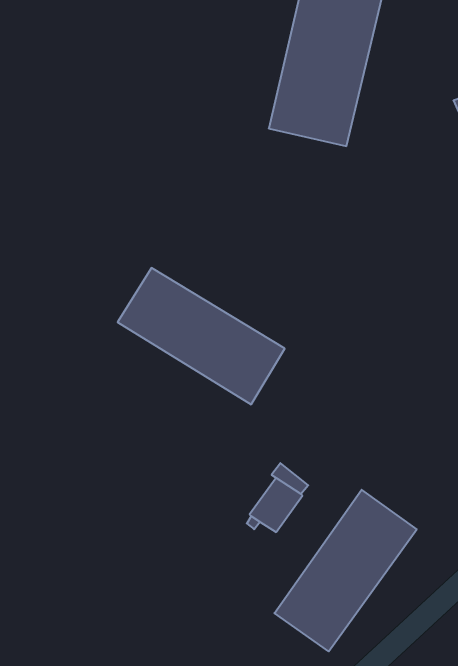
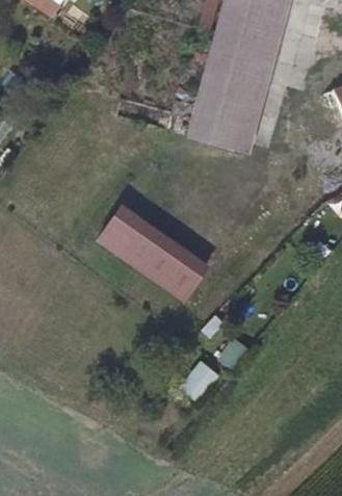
building: none -> [194,108,256,150]
building: [274,490,417,651] -> none

